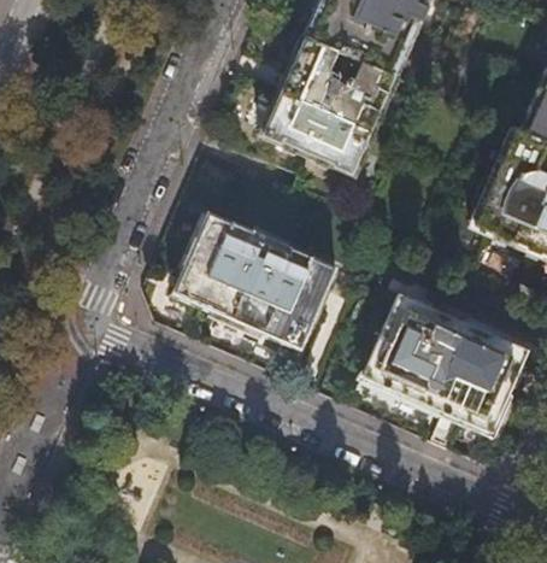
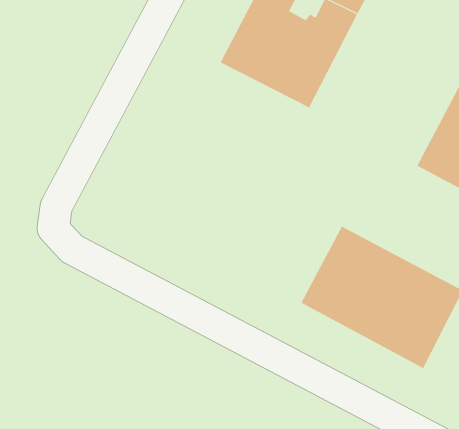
building: [175,209,341,350] -> none

